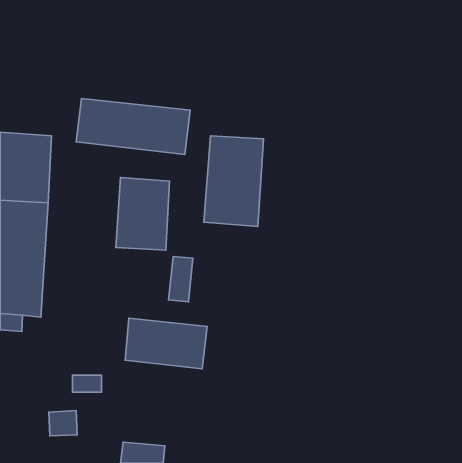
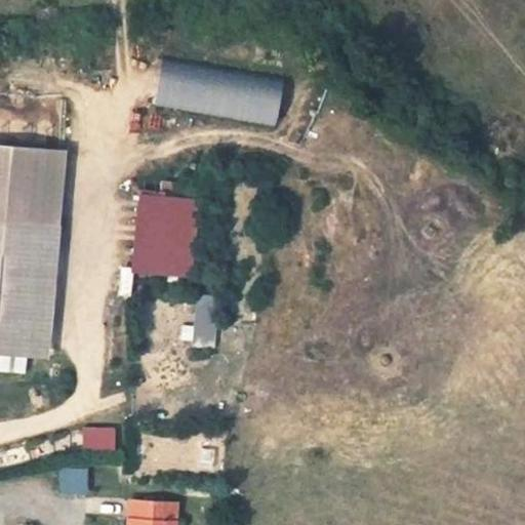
building: [76,98,190,155] -> [154,59,283,123]
building: [204,136,263,226] -> none
building: [125,318,207,369] -> none

